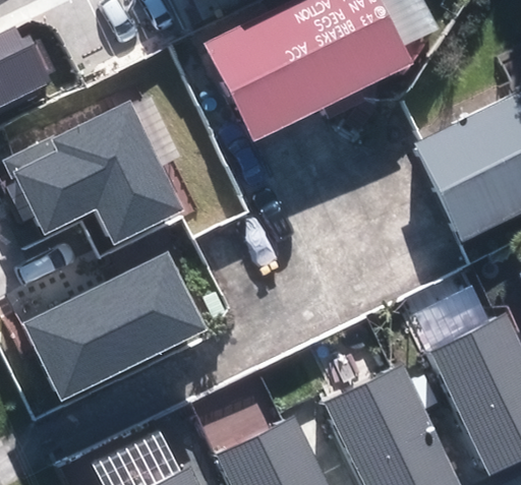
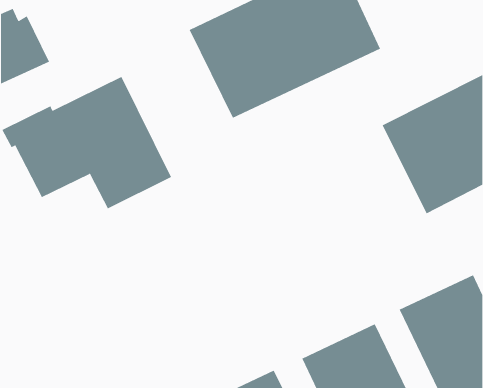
building: [22,250,206,401] -> none

